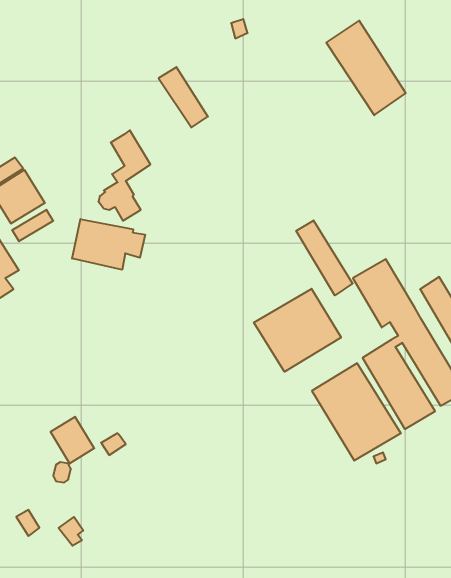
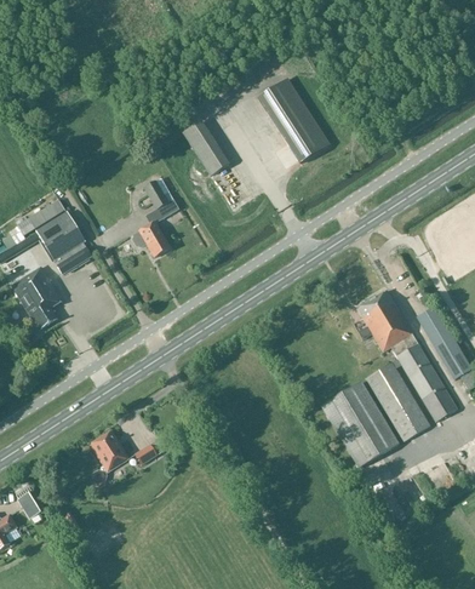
building: [326,21,406,115] -> [258,79,328,162]
building: [72,219,145,270] -> none
building: [296,220,353,295] -> none
building: [254,289,341,372] -> none

